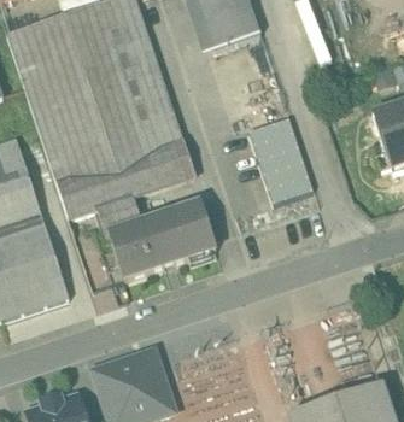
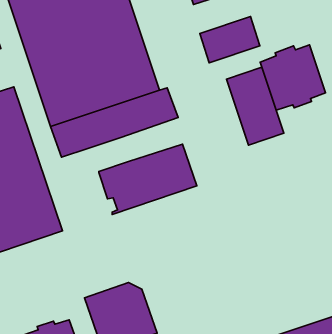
building: none -> [200,17,260,63]
building: none -> [260,45,326,110]
building: [98,194,142,234] -> none

